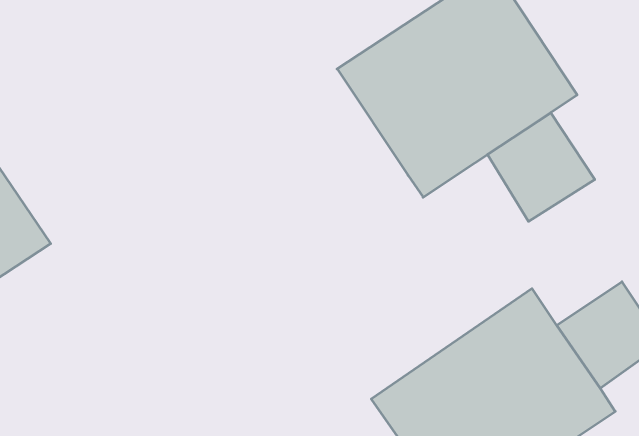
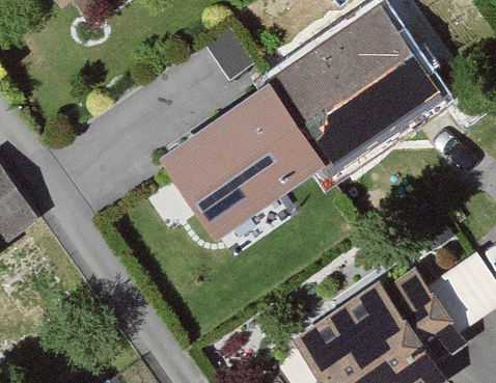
building: none -> [160,85,316,239]
building: [488,113,595,221] -> none

